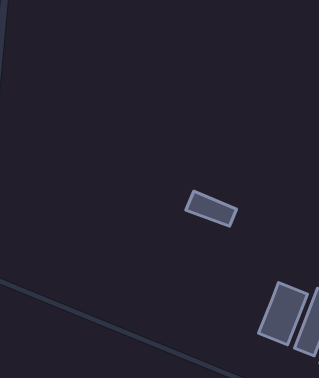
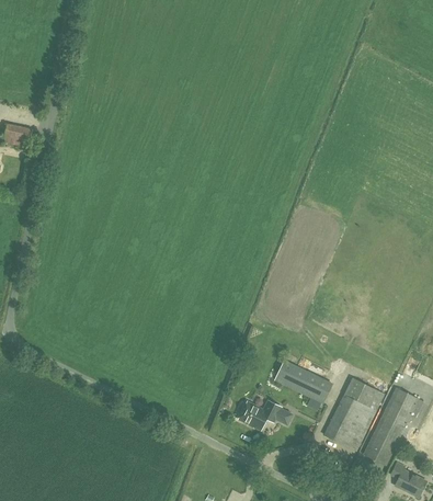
building: [186,191,237,226] -> [273,358,331,402]
building: none -> [237,400,290,429]

